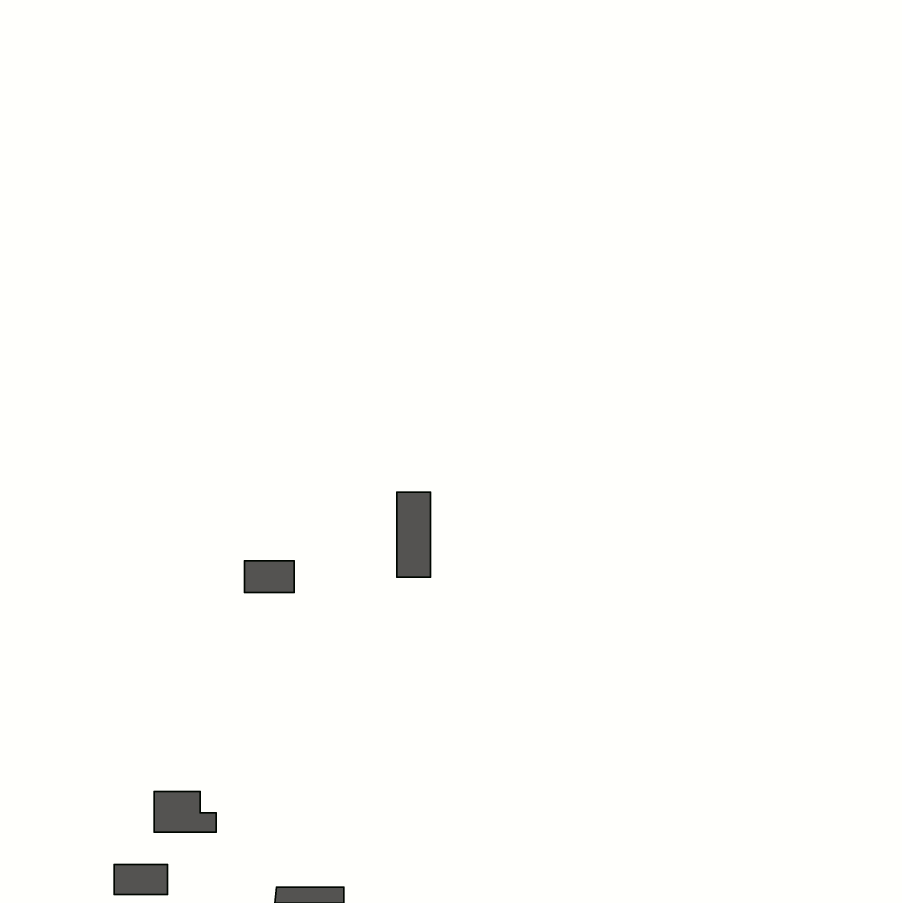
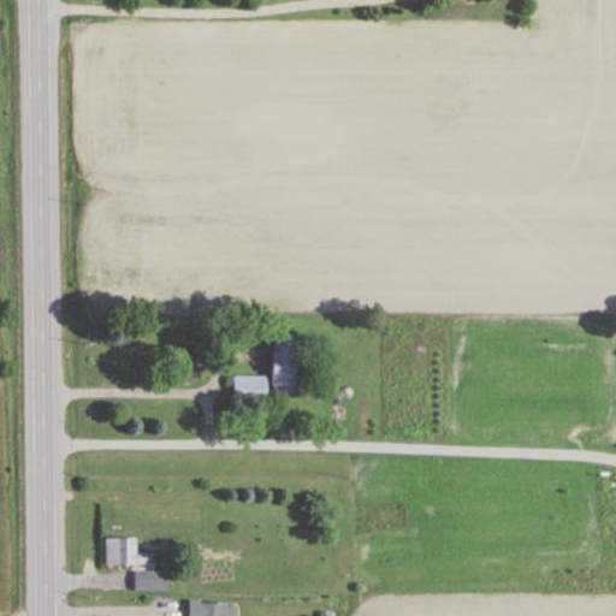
building: [244,561,294,593] -> [235,375,268,397]
building: [114,865,167,895] -> [135,571,171,592]

